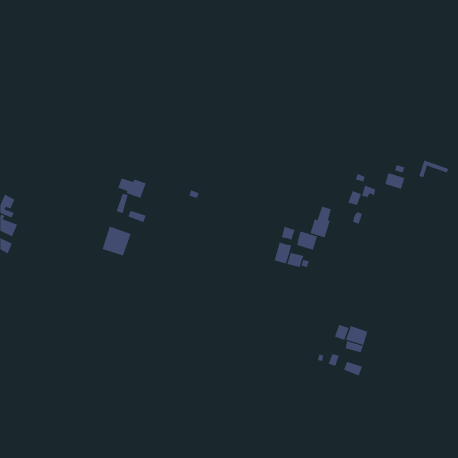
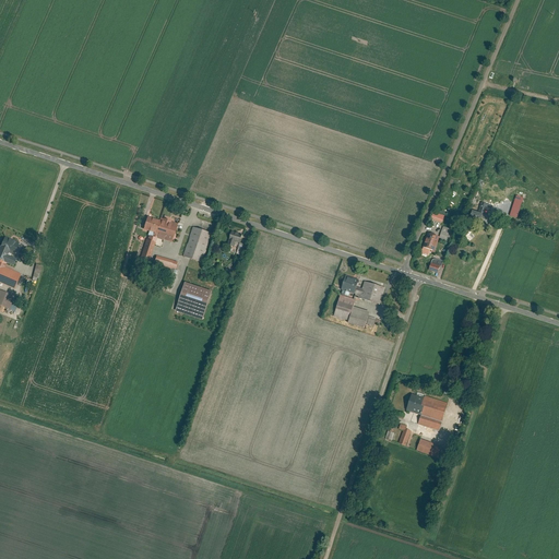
building: none -> [183,227,212,261]
building: [310,206,332,238] -> none
building: [102,226,132,256] -> [177,282,213,319]

